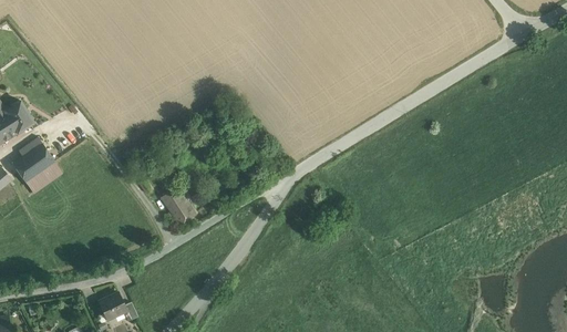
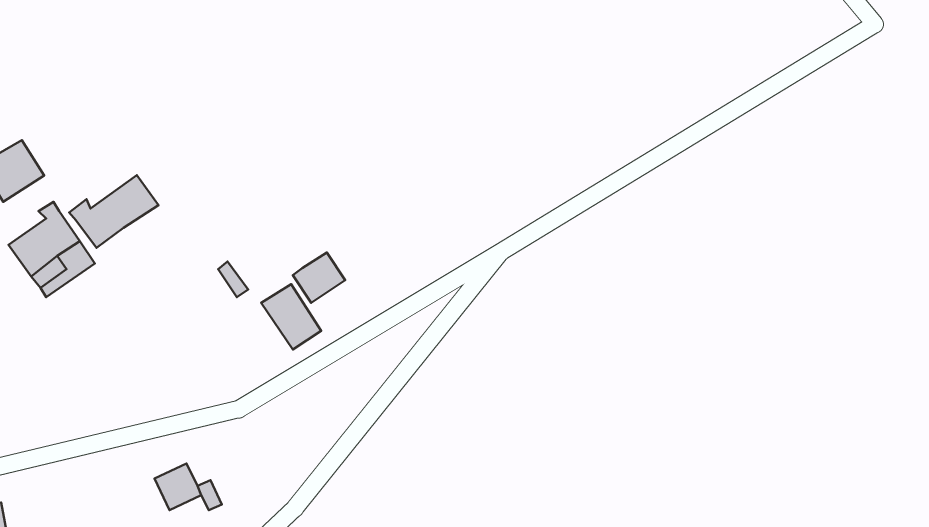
building: none -> [69,175,158,248]
building: none -> [293,253,345,303]

